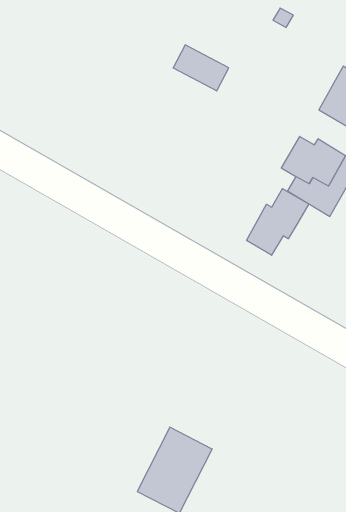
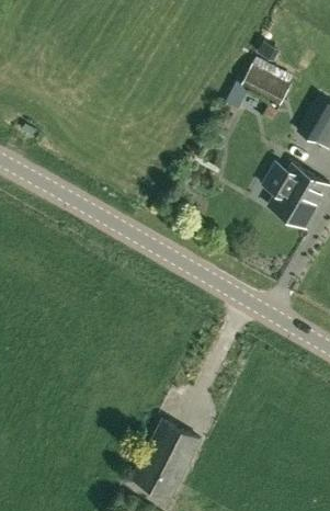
building: [173,45,229,91] -> [241,66,292,107]
building: [247,189,309,255] -> none

